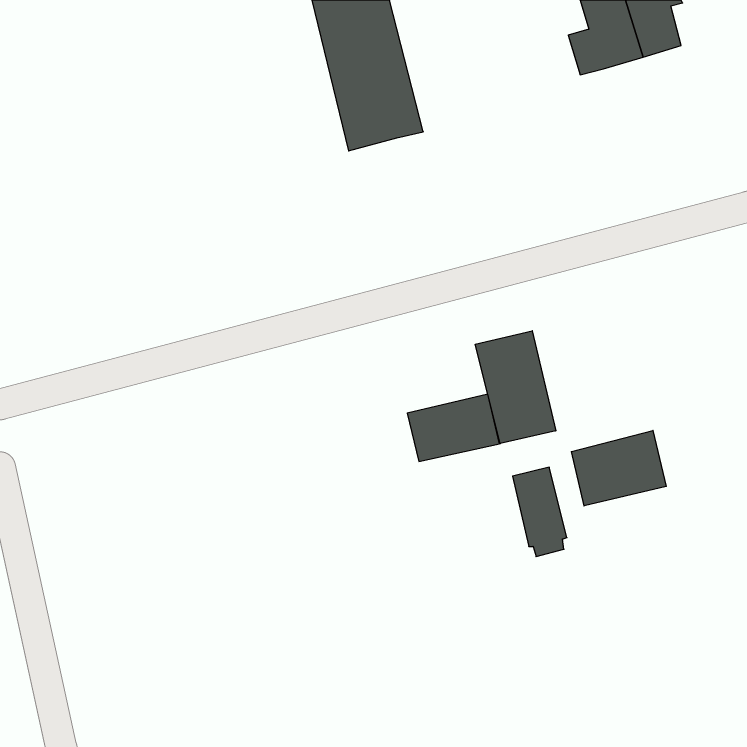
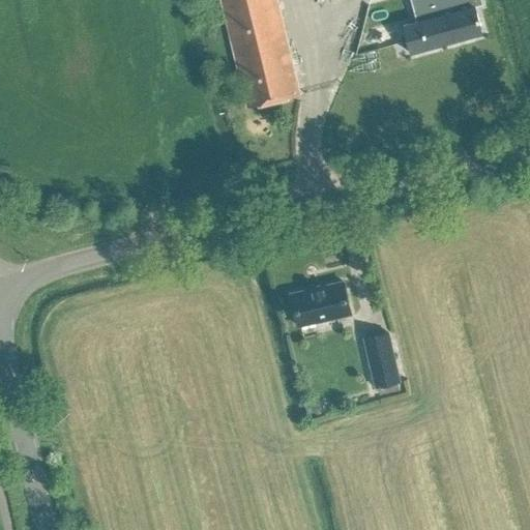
building: [475,331,556,444] -> none
building: [571,430,666,506] -> none

